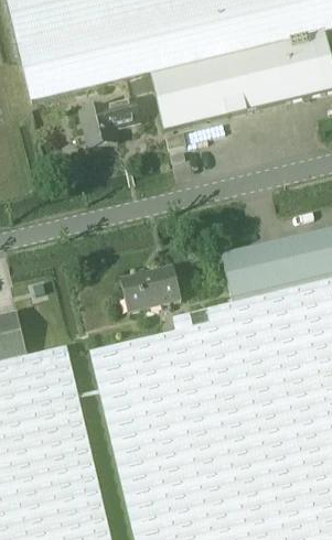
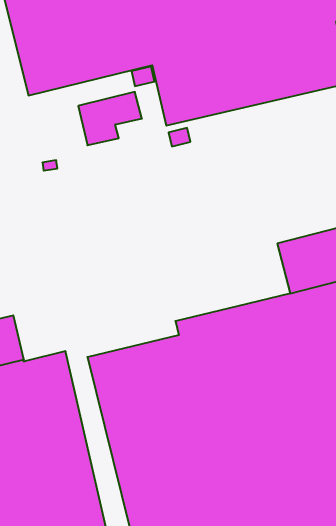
building: [221,244,281,303] -> none
building: [119,264,181,313] -> none

